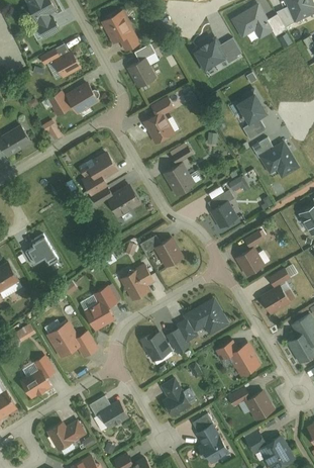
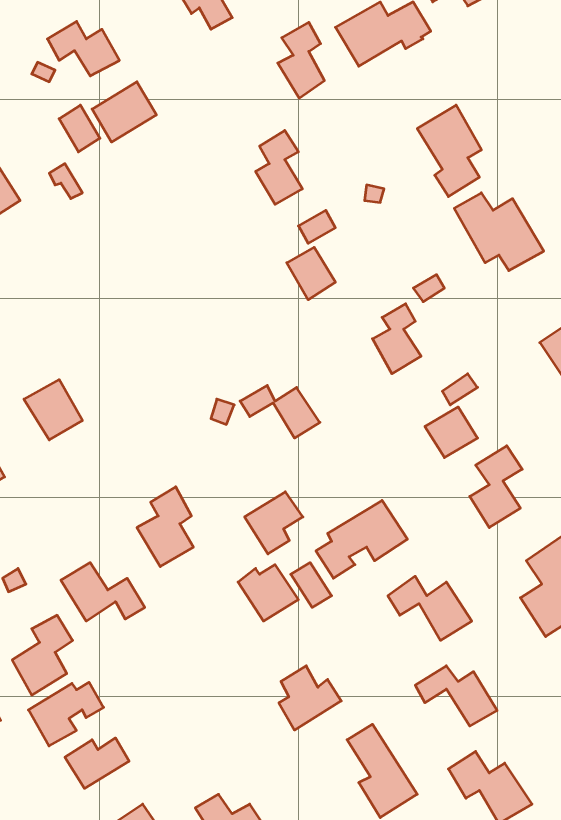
building: [129,52,153,91] -> [278,22,324,98]
building: [86,151,139,215] -> none
building: [123,269,153,301] -> [245,492,303,554]
building: none -> [28,682,104,746]
building: [91,396,129,429] -> none

